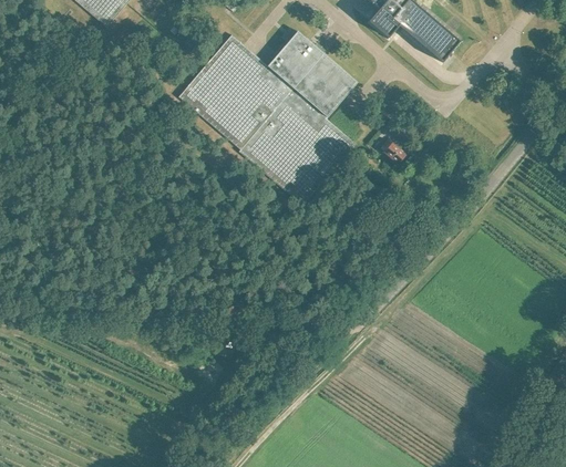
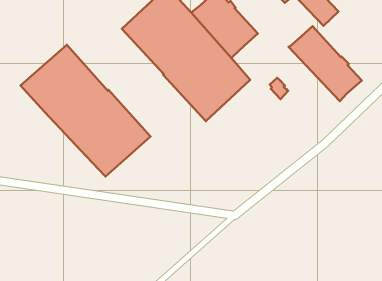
building: none -> [289,26,362,101]
building: none -> [21,45,150,176]

